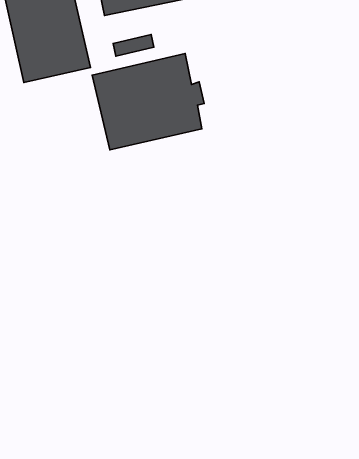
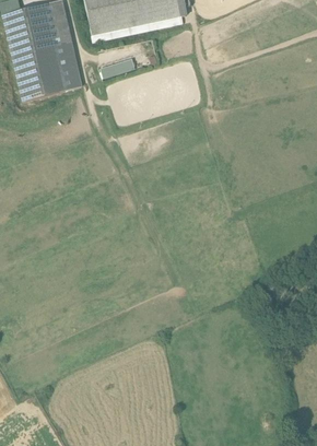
building: [92,53,204,150] -> none

